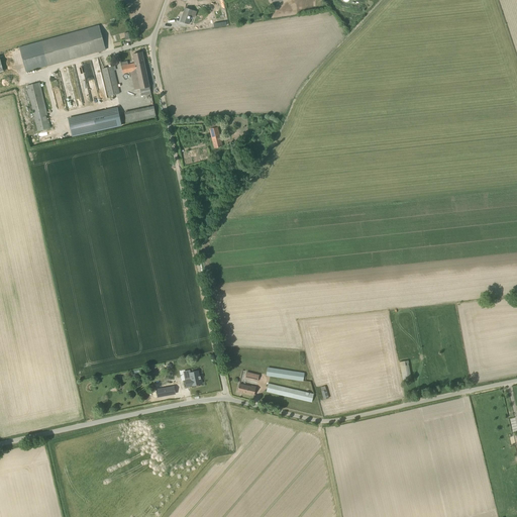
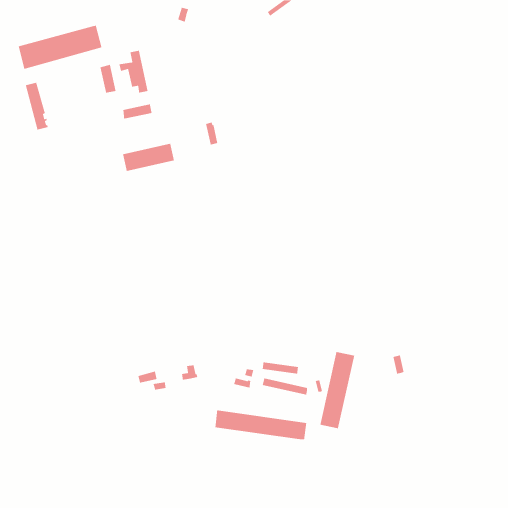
building: [67,107,120,136] -> [122,143,175,172]
building: none -> [320,351,355,429]
building: none -> [214,409,307,440]

